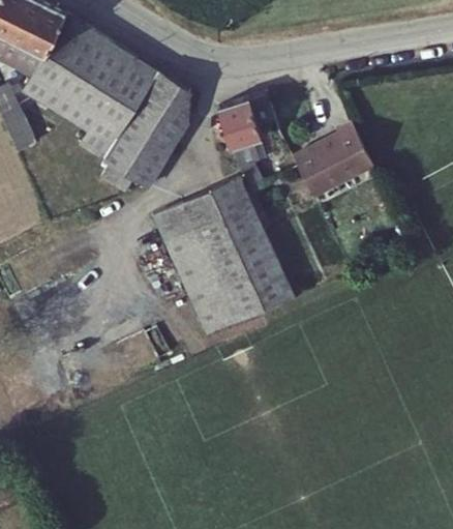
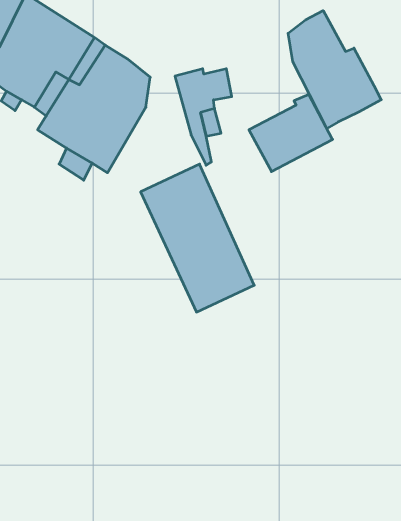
building: none -> [288,11,381,128]
building: [155,208,236,334] -> none

